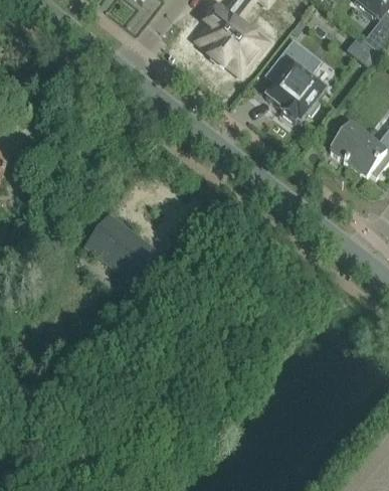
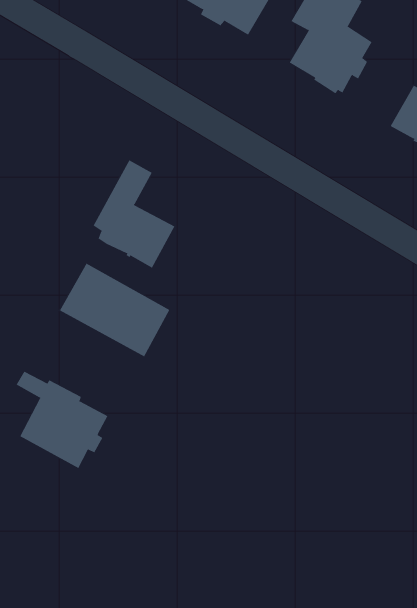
building: none -> [93,160,175,269]
building: none -> [16,371,108,469]

